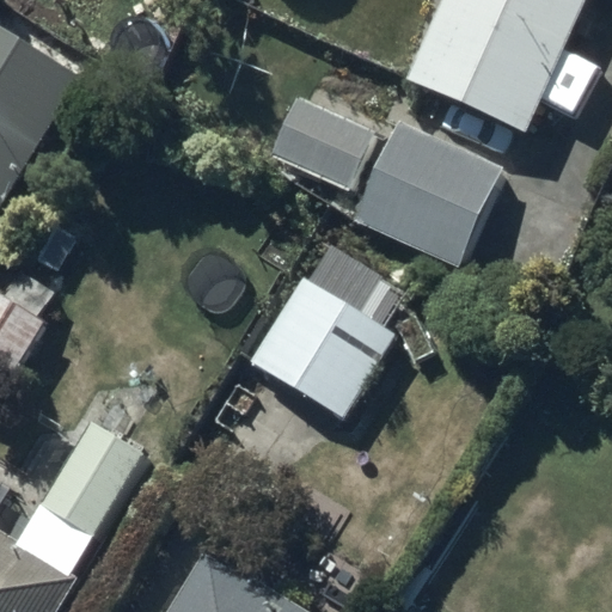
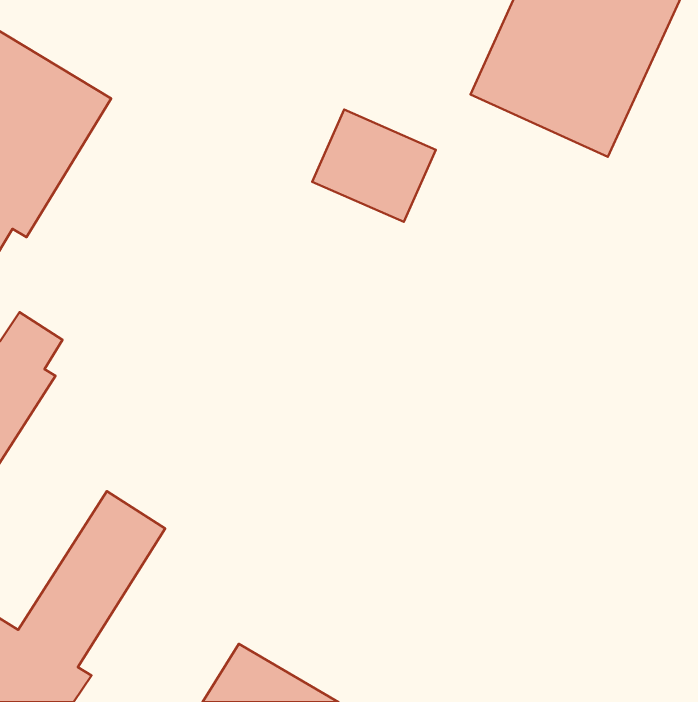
building: [350,121,502,267] -> none
building: [249,275,396,418] -> none

